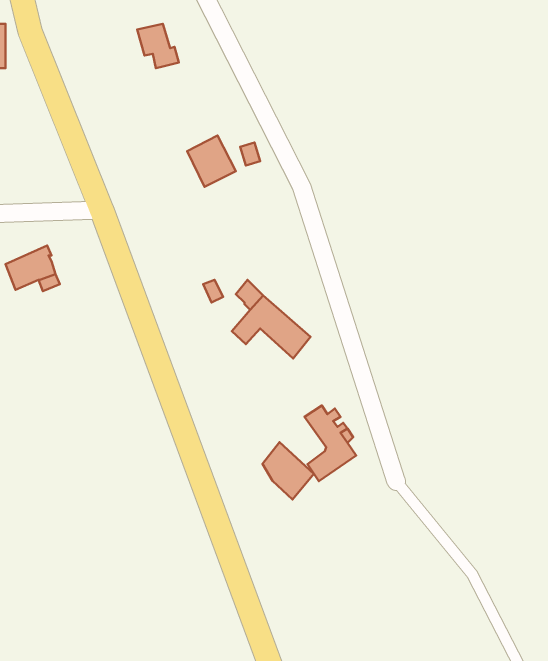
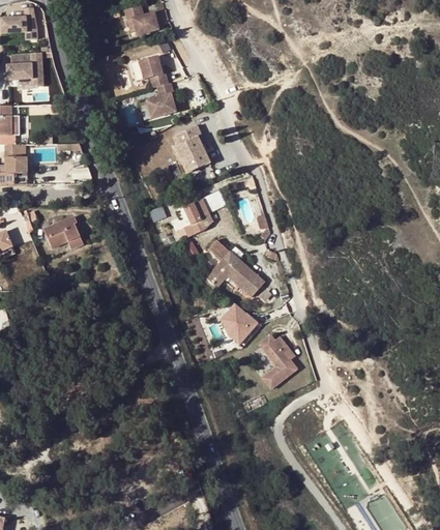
building: none -> [145,82,175,118]
building: none -> [176,192,226,238]
building: [262,442,314,499] -> [221,302,258,344]

